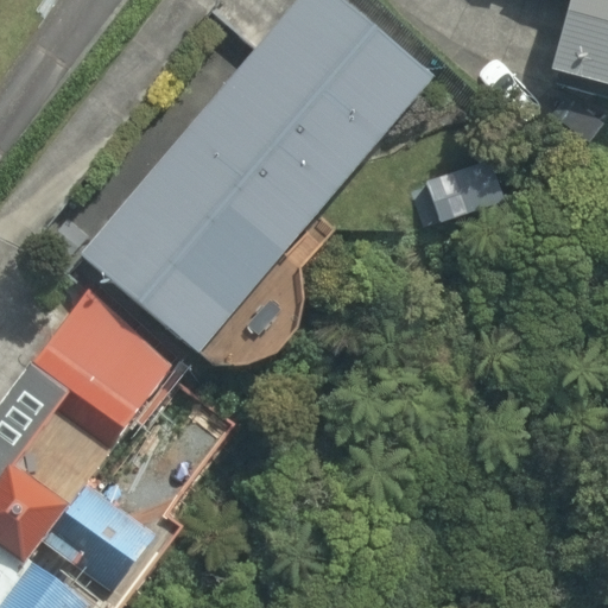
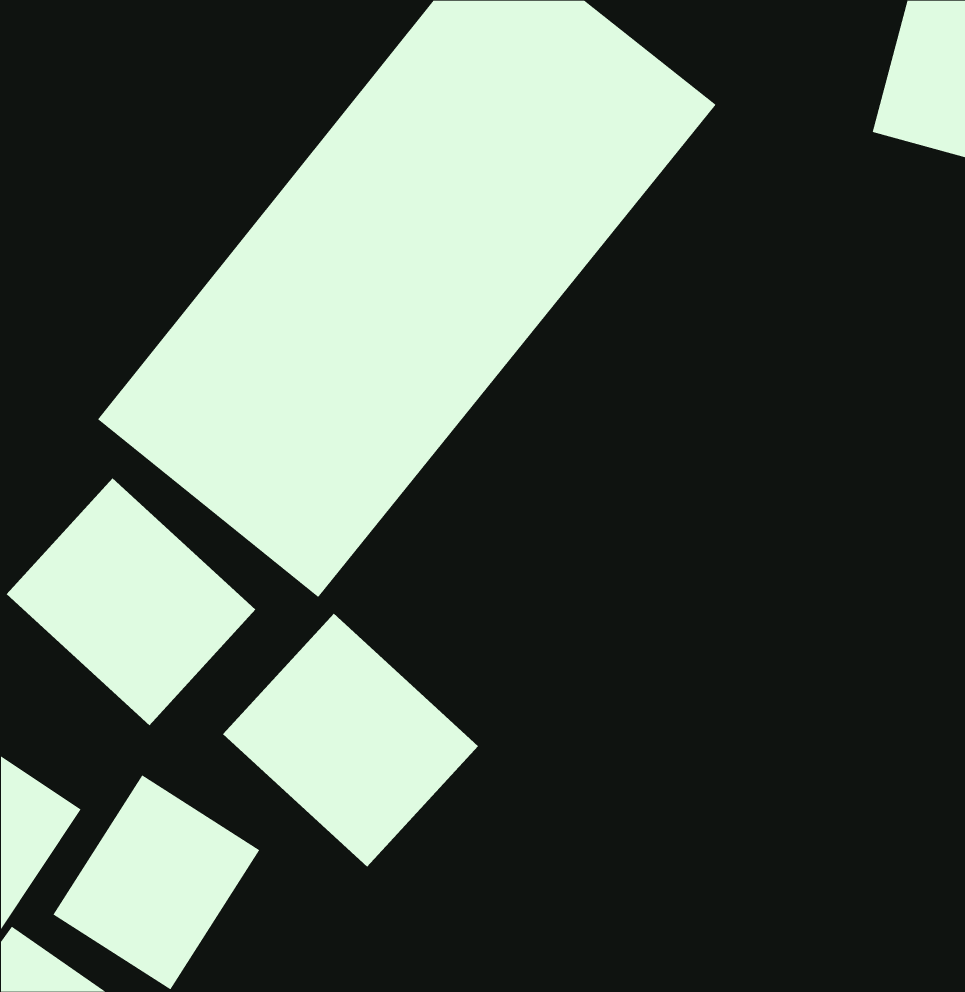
building: none -> [222,613,479,867]

